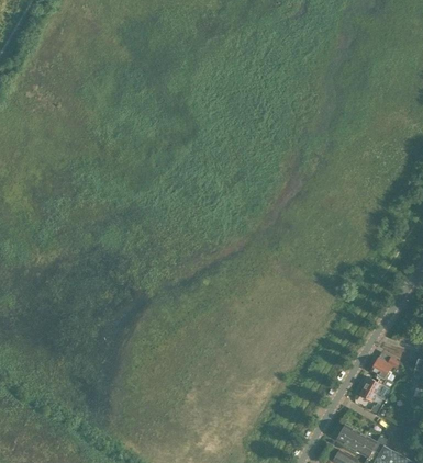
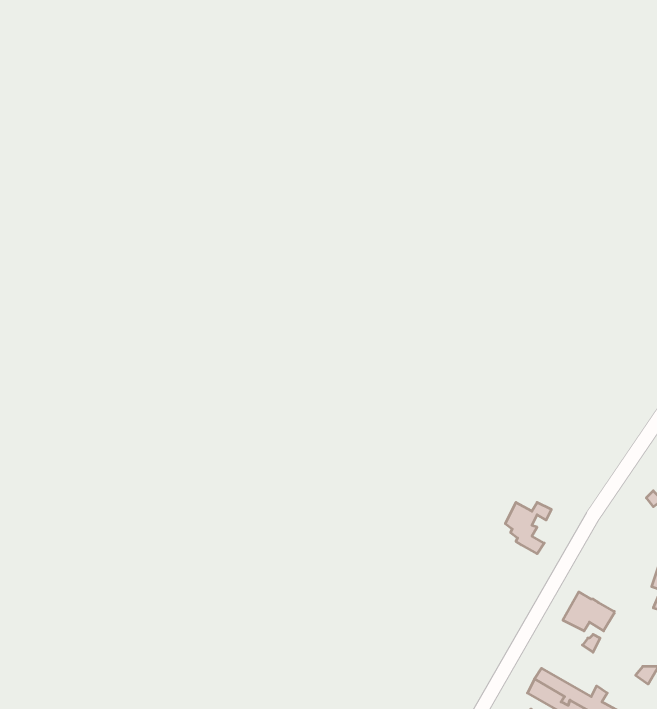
building: [370,358,399,389] -> [505,502,551,554]

